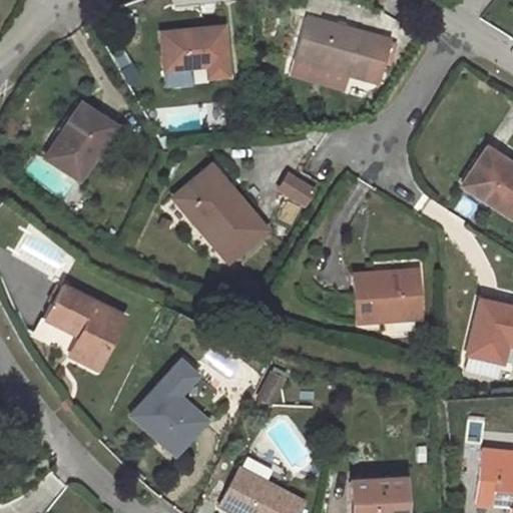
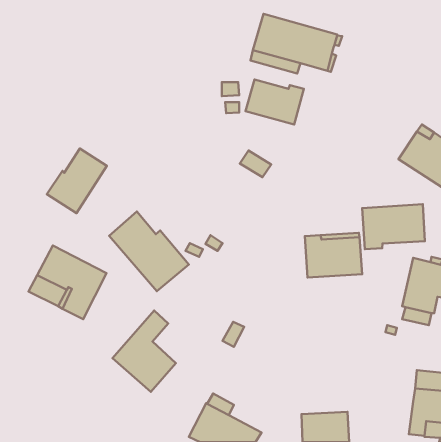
building: [161,26,228,77] -> none
building: none -> [246,79,304,125]
building: [46,104,115,179] -> [47,148,107,213]
building: [174,168,267,261] -> [109,212,189,291]
building: none -> [362,204,425,249]

